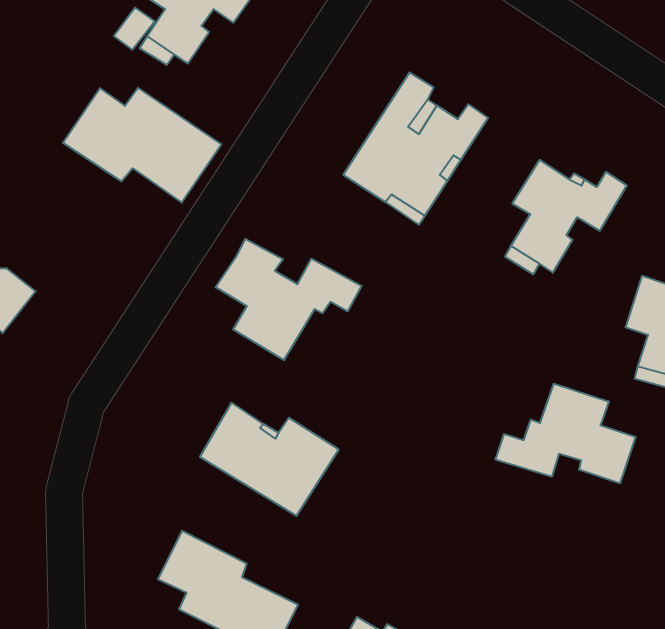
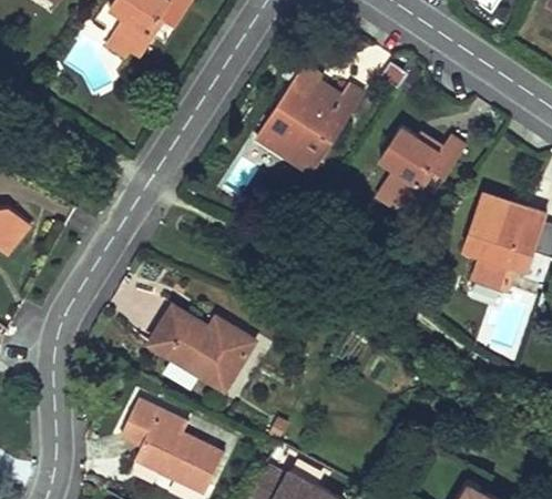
building: [63,88,221,203] -> none
building: [215,239,362,360] -> none
building: [495,384,636,483] -> none

